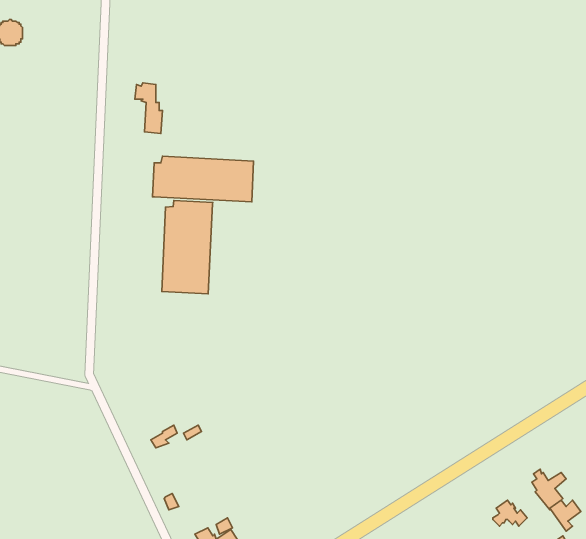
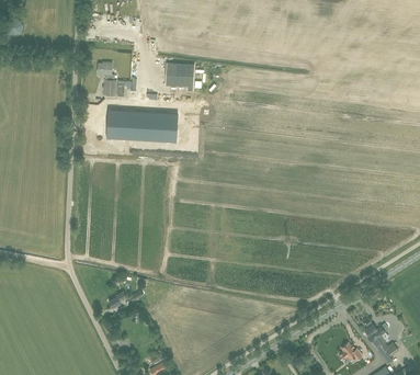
building: none -> [164,62,193,91]
building: [162,200,213,294] -> none

